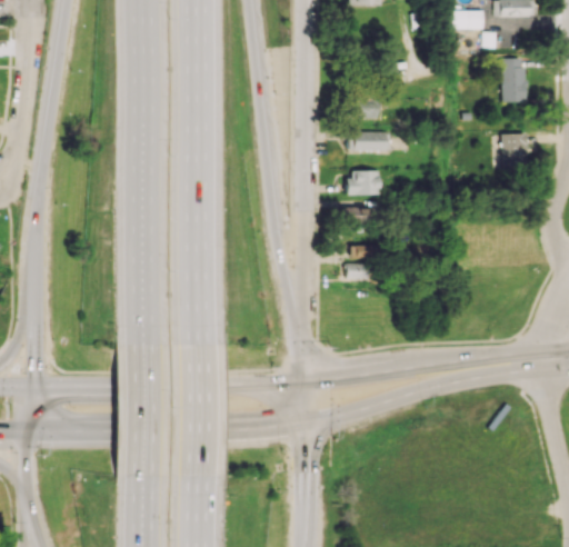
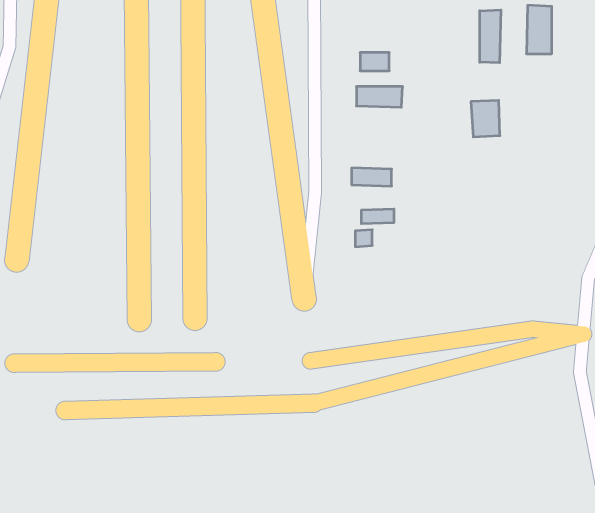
building: none -> [480,10,501,63]
building: [501,132,528,166] -> [471,100,500,137]
building: [349,171,380,195] -> none

